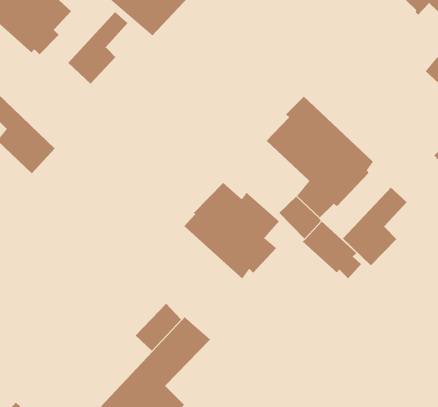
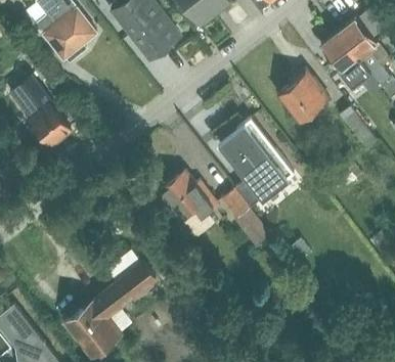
building: [67,11,128,85] -> none
building: none -> [278,71,331,124]
building: [342,187,407,266] -> none

